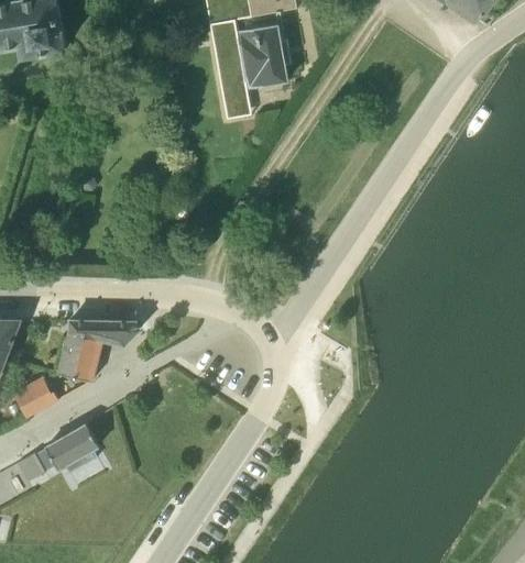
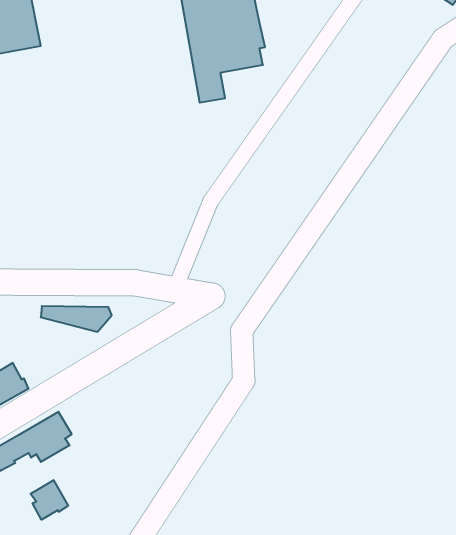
building: [56,330,101,380] -> none
building: none -> [31,480,68,520]

